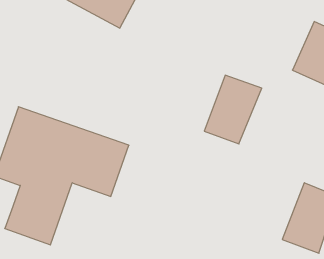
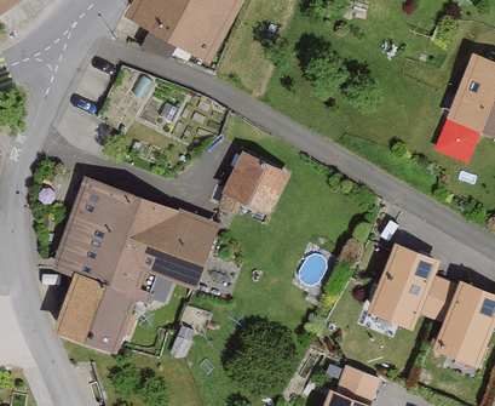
building: [204,75,262,144] -> [362,235,438,326]
building: none -> [224,150,290,216]

